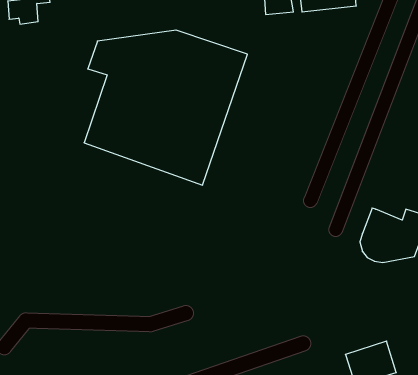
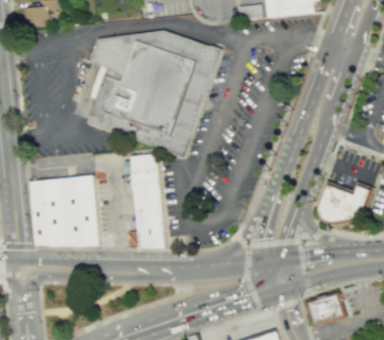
building: none -> [129,154,158,174]
building: none -> [28,176,99,247]
building: none -> [132,182,165,248]

